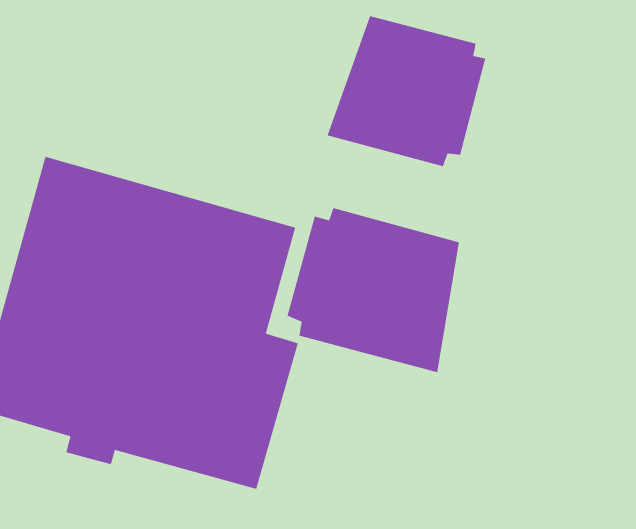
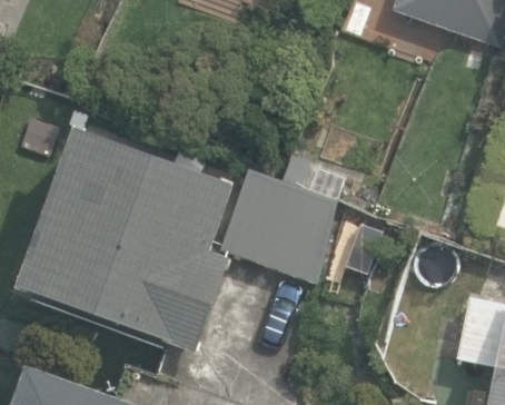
building: [326,15,486,167] -> none

